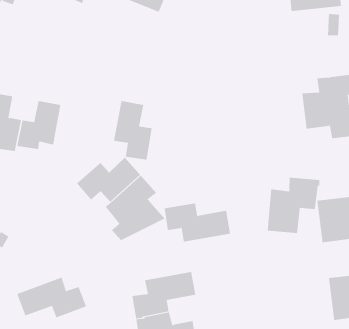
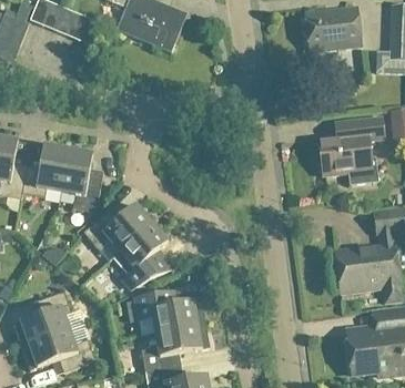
building: [113,101,153,160] -> [60,149,101,211]
building: [267,177,320,234] -> none
building: [164,203,231,242] -> [134,290,204,331]
building: none -> [13,289,71,346]

